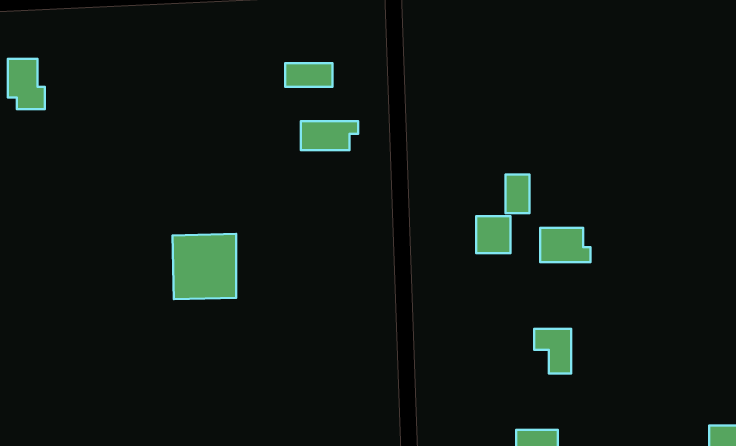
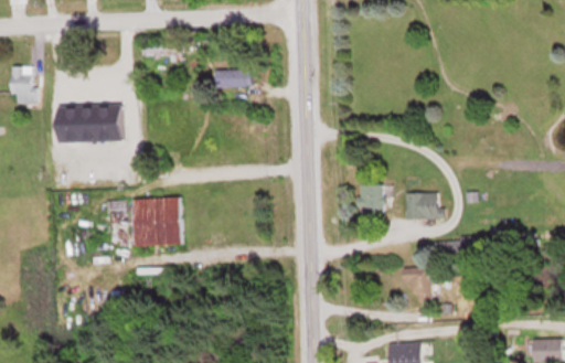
building: none -> [57,105,121,142]
building: [301,121,358,150] -> none
building: [506,175,530,213] -> none

